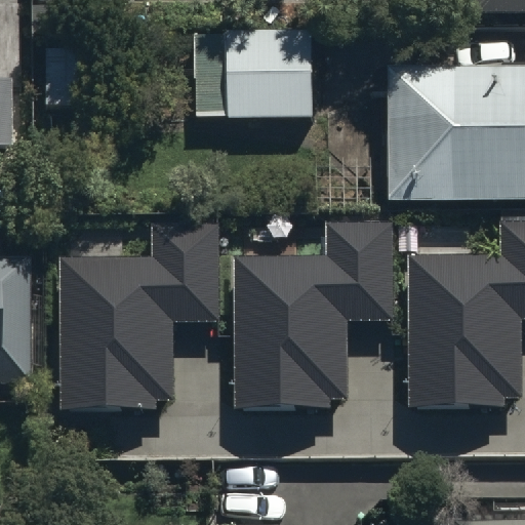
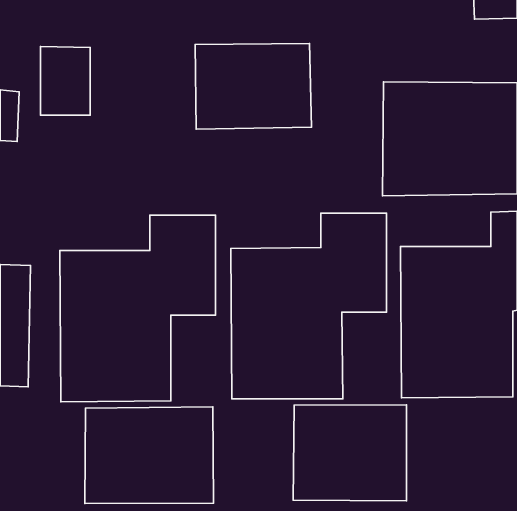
building: none -> [293,405,407,501]
building: none -> [85,407,213,503]

